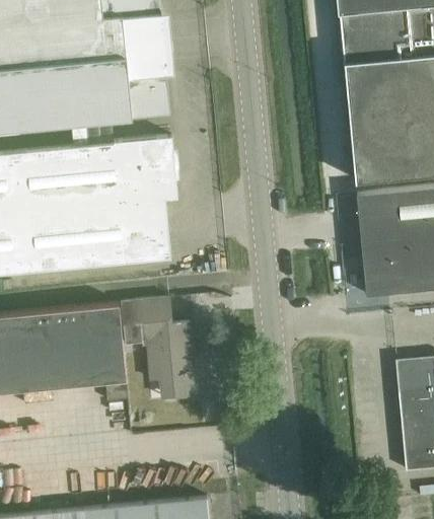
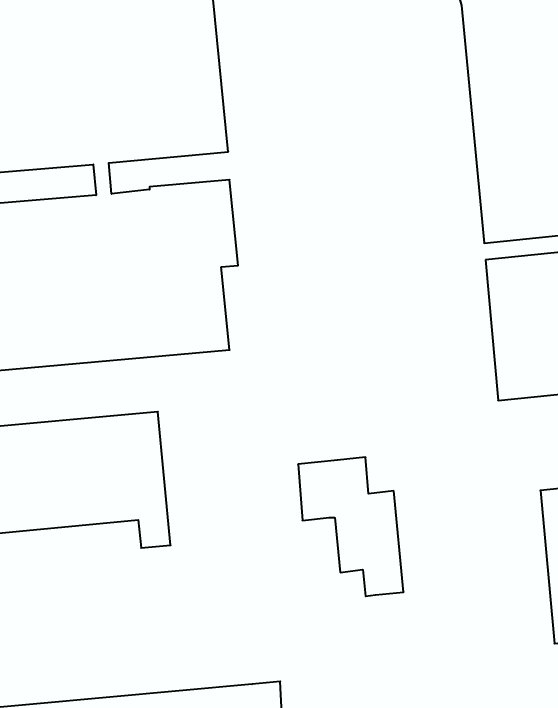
building: [121,299,197,399] -> [298,457,404,596]

